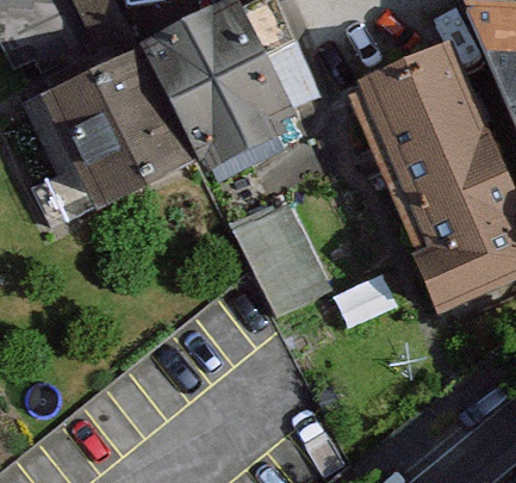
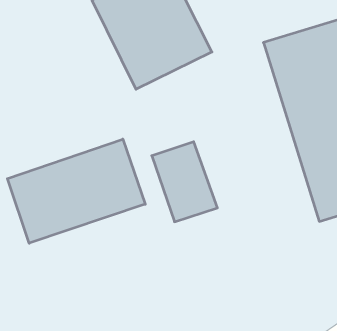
building: [51,61,176,196] -> none
building: none -> [7,139,145,243]

